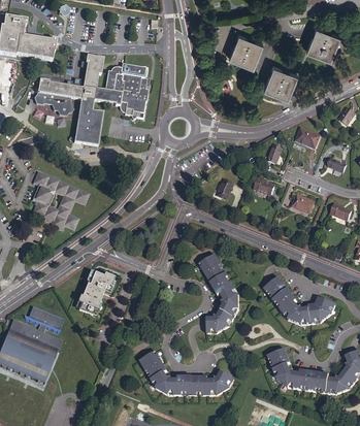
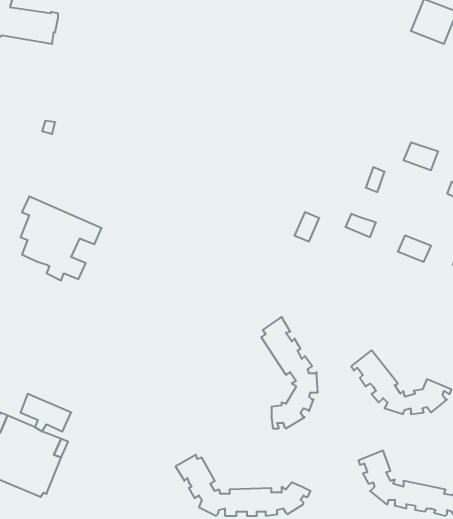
building: [228,34,261,67] -> none
building: [34,56,146,145] -> none
building: [263,66,296,98] -> none
building: [80,274,119,318] -> none

